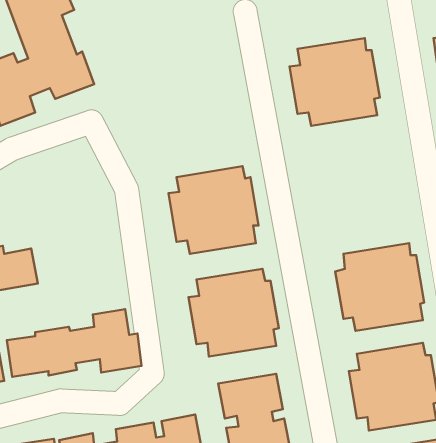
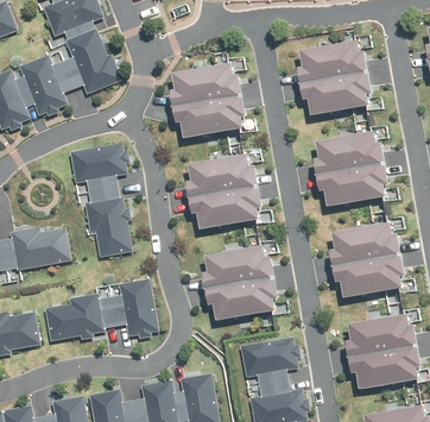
building: none -> [170,63,249,140]
building: none -> [314,132,393,209]
building: none -> [69,143,132,257]

